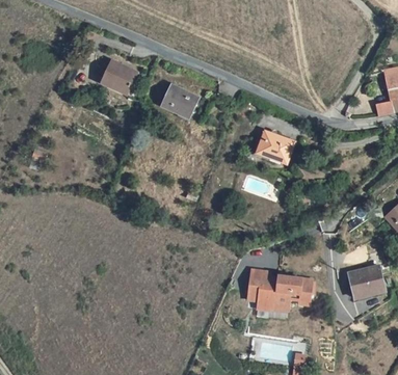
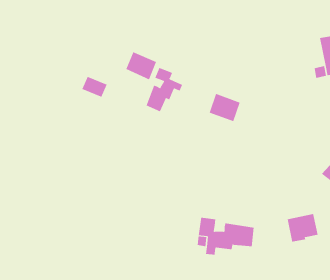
building: [112,63,141,87] -> [81,76,107,97]
building: none -> [146,67,183,112]

